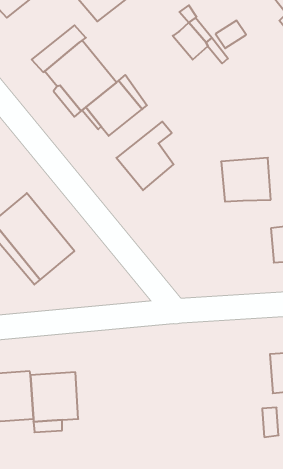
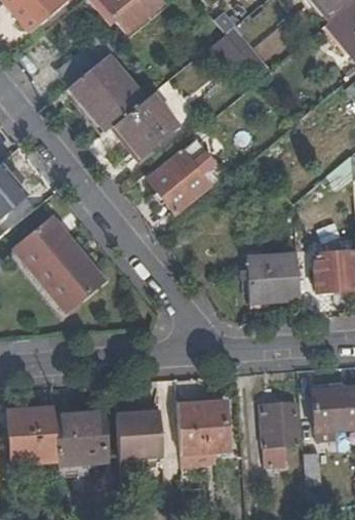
building: [221,158,271,202] -> [247,253,301,301]
building: none -> [179,400,230,451]
building: none -> [262,402,300,465]
building: none -> [117,411,164,463]

